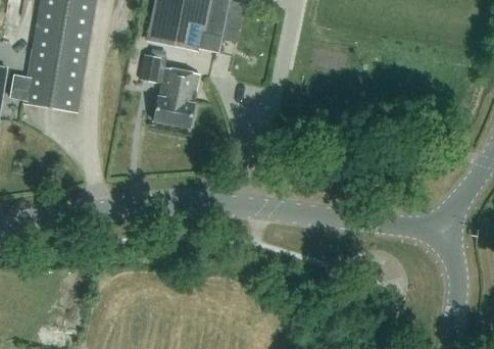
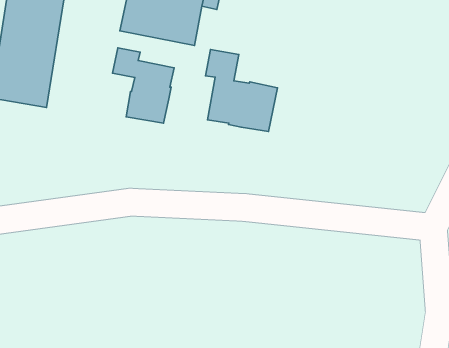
building: none -> [206,50,278,131]

